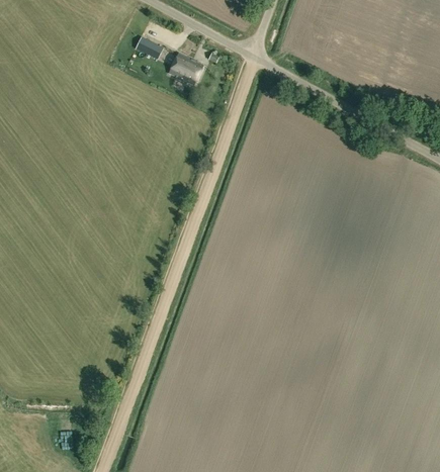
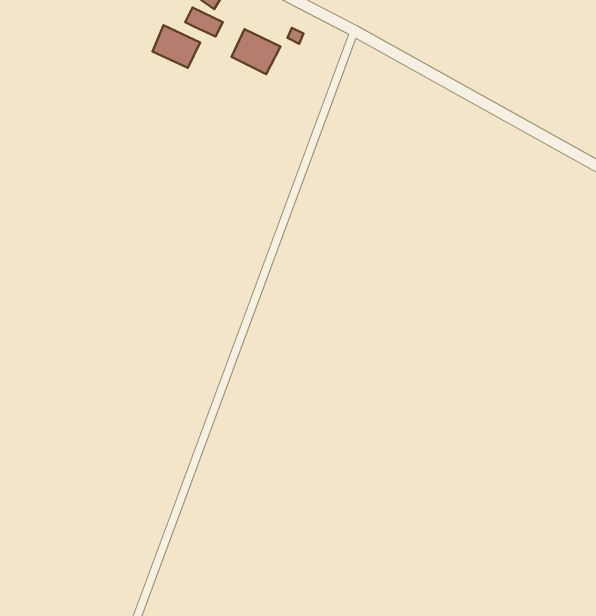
building: none -> [152,25,200,68]

